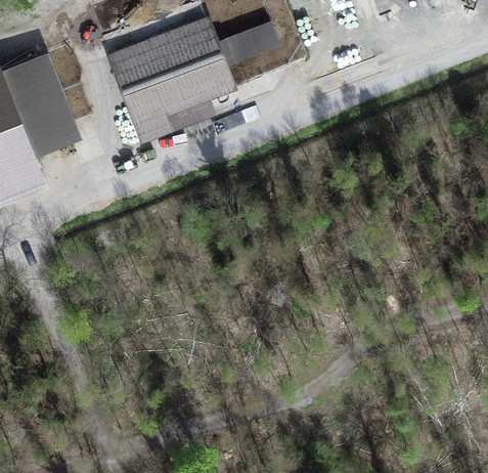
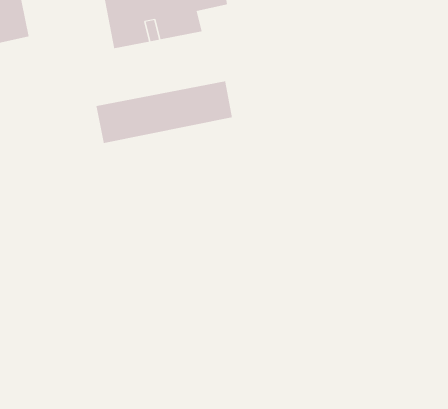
building: none -> [96,81,232,144]

